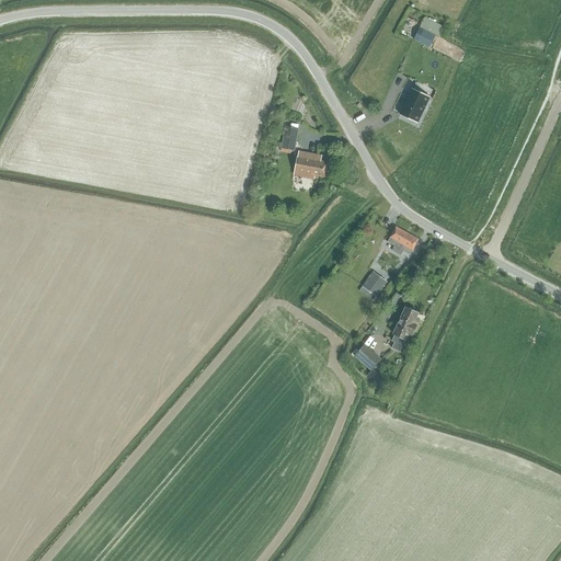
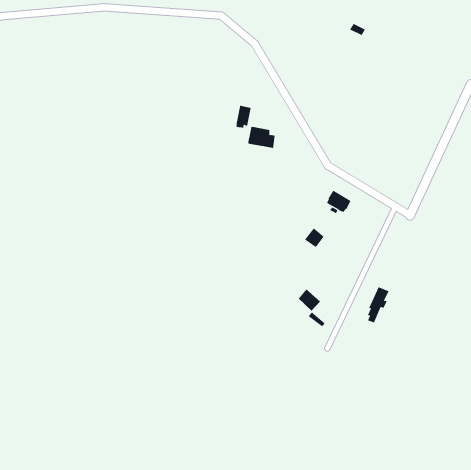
building: [401,88,428,122] -> none
building: [391,307,417,351] -> [367,286,389,323]

